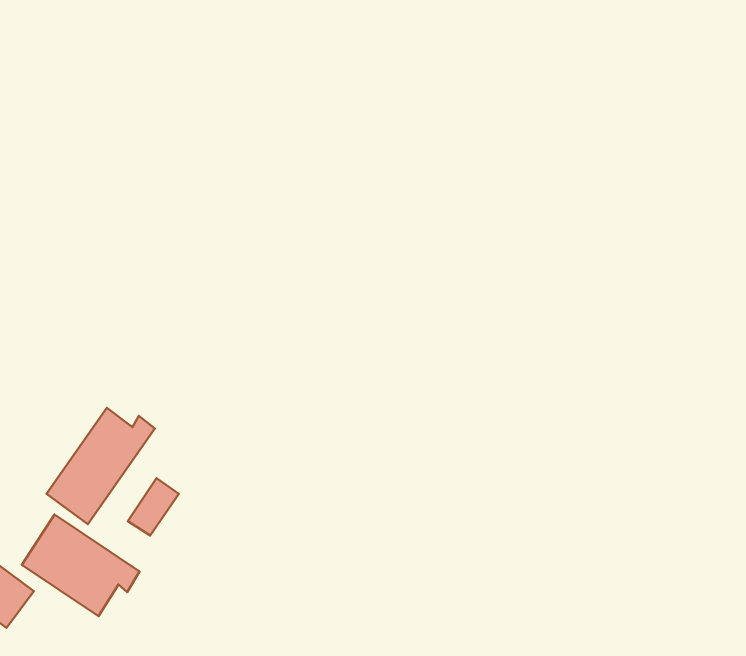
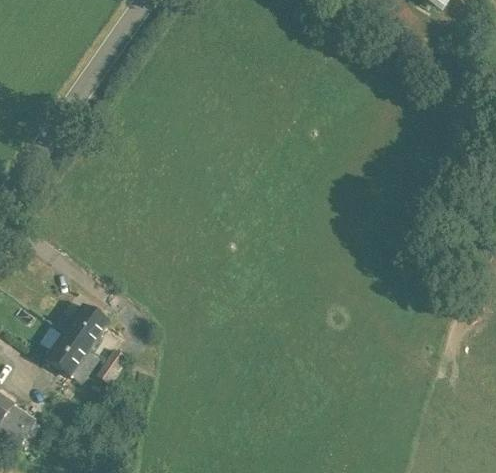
building: [22,514,139,616] -> none

